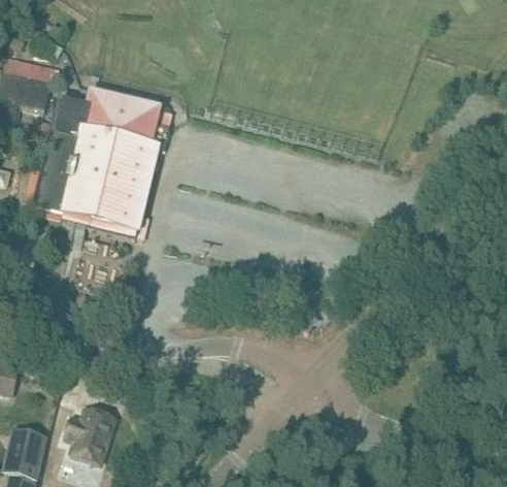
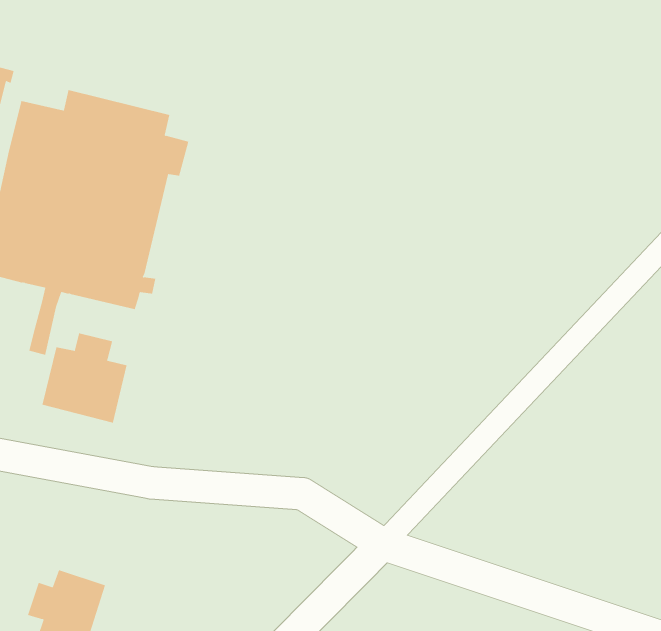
building: none -> [42,333,127,424]

